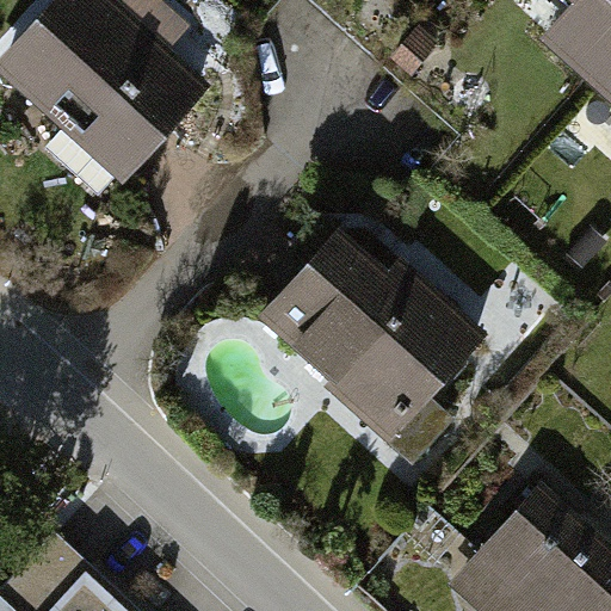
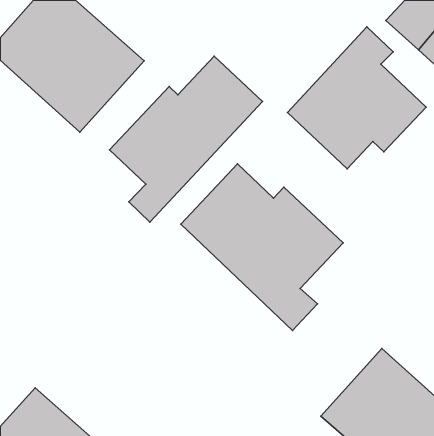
building: none -> [287,27,426,169]
building: none -> [109,56,262,222]

